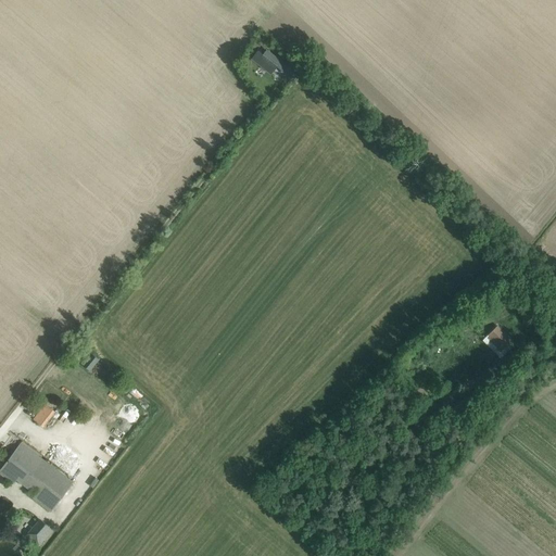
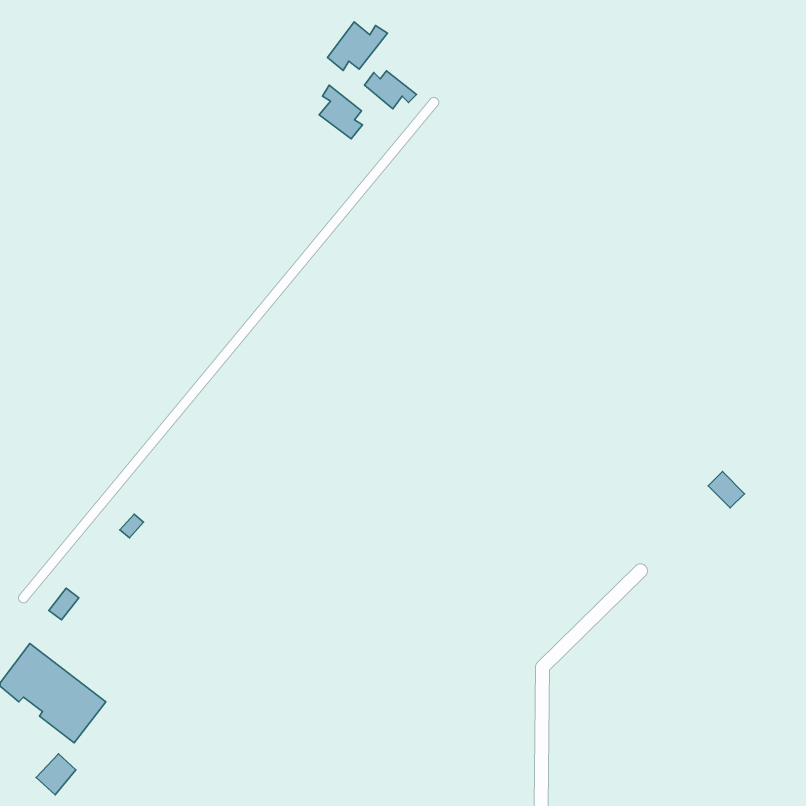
building: none -> [328,22,388,70]
building: none -> [319,85,363,139]

